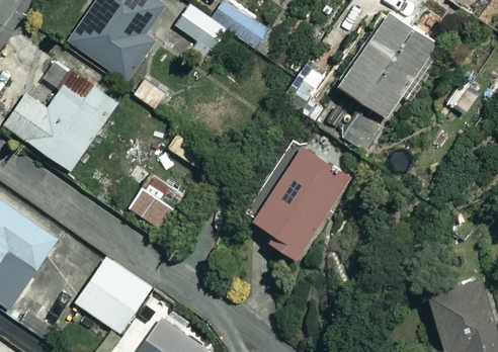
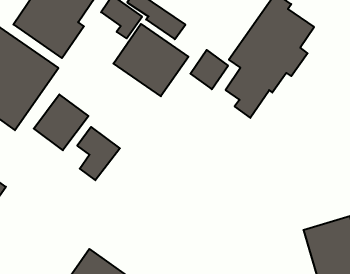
building: none -> [113,24,188,96]
building: none -> [34,94,88,150]
building: [248,145,350,261] -> none
building: [75,257,151,334] -> none

